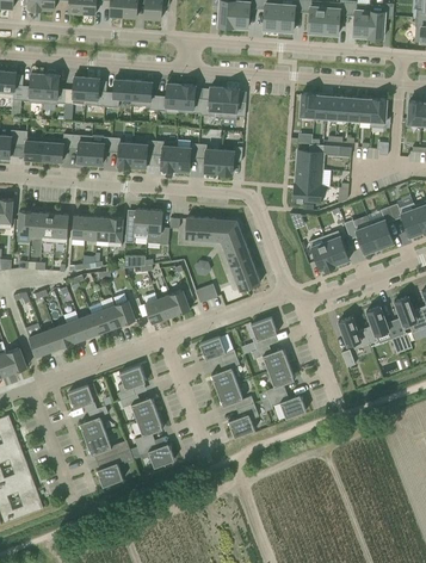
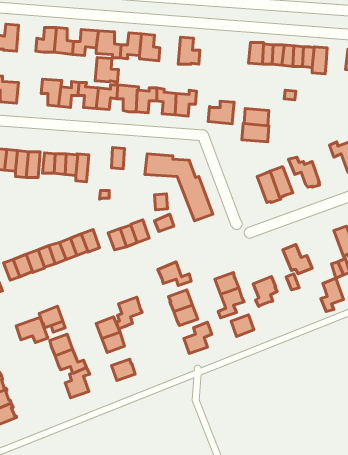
building: [43,75,66,105] -> none
building: [200,87,224,118] -> none
building: none -> [95,57,119,82]
building: [43,135,72,162] -> none
building: [296,144,325,169] -> [208,101,234,124]
building: [369,208,394,249] -> none
building: [125,209,149,243] -> none
building: [364,307,389,344] -> [321,278,343,312]
building: [251,317,277,351] -> [253,276,277,307]
building: [117,366,146,401] -> [116,297,142,329]
building: none -> [16,318,48,343]

